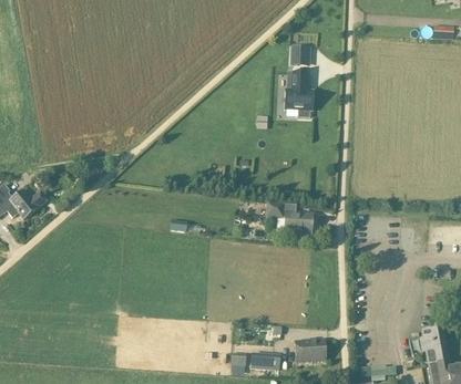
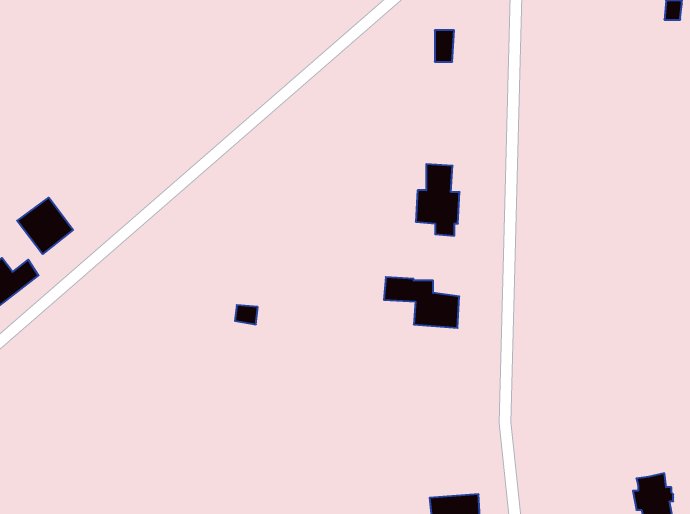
building: [285,71,313,116] -> [416,164,460,236]
building: none -> [17,198,73,254]

